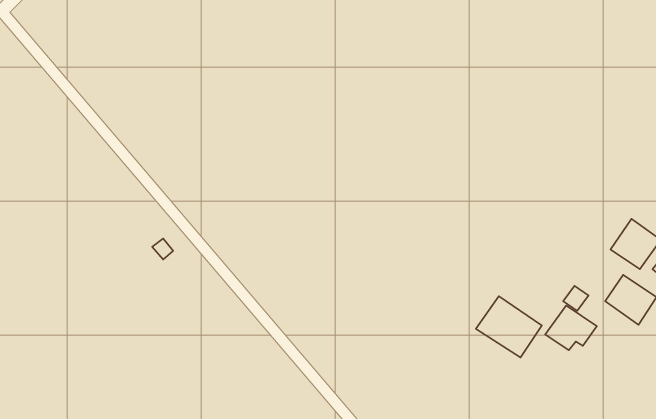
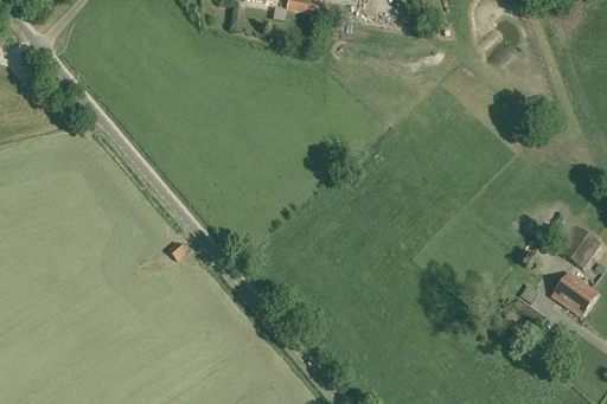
building: [476,296,542,357] -> none

